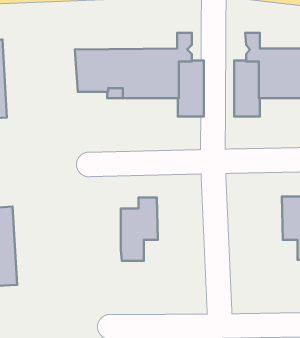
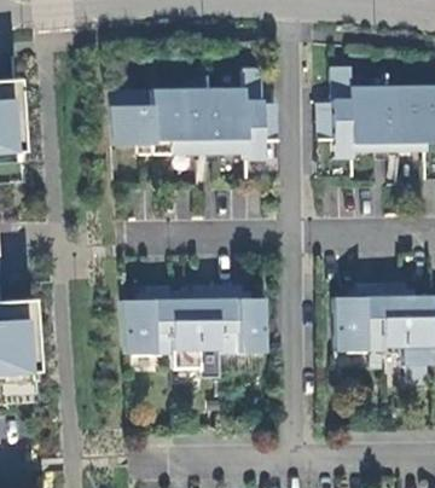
building: none -> [336,283,383,352]
building: none -> [122,284,170,353]
building: none -> [218,284,266,353]

